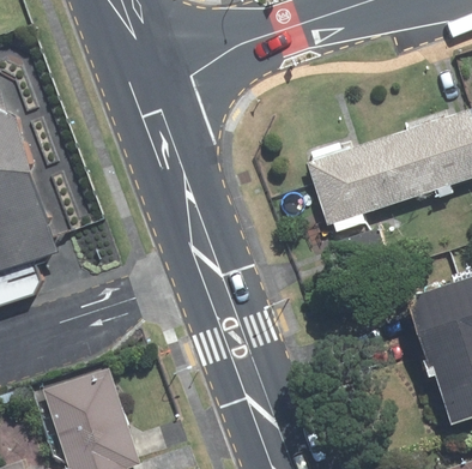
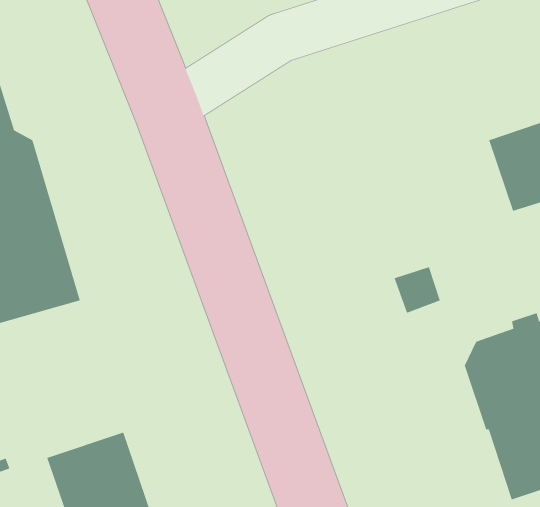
building: [296,126,442,233] -> none

